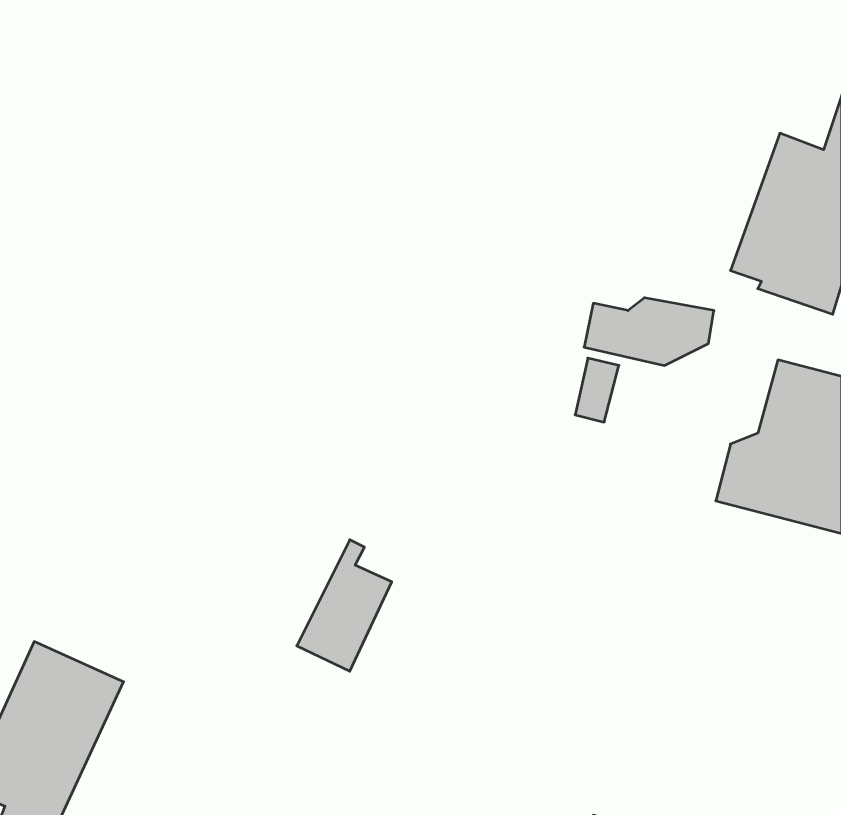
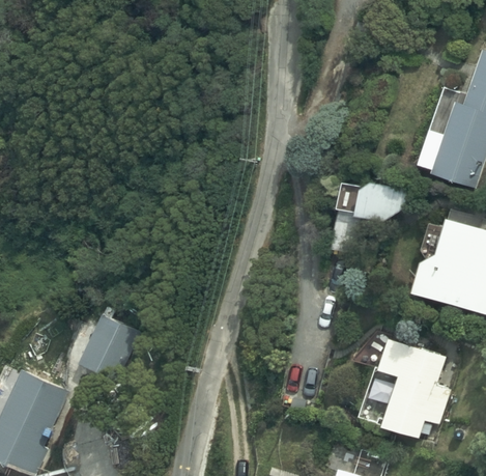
building: [297,540,392,671] -> [78,306,132,381]
building: none -> [361,343,449,442]

